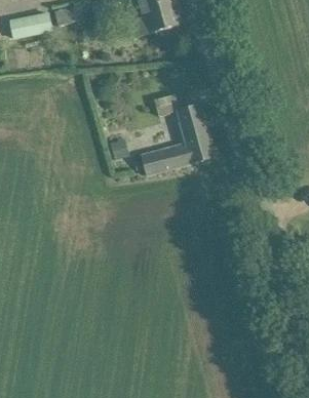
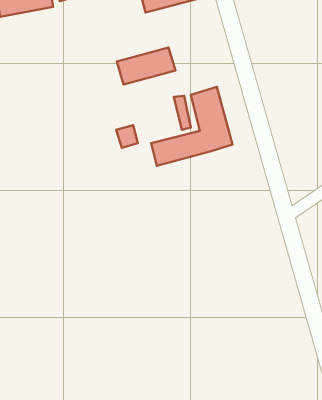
building: none -> [117,47,176,85]

